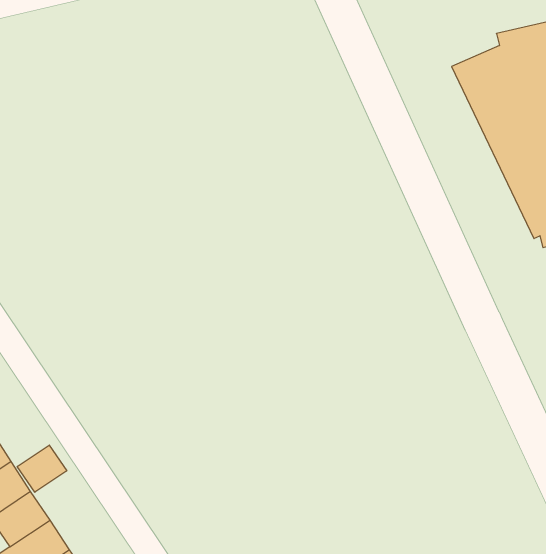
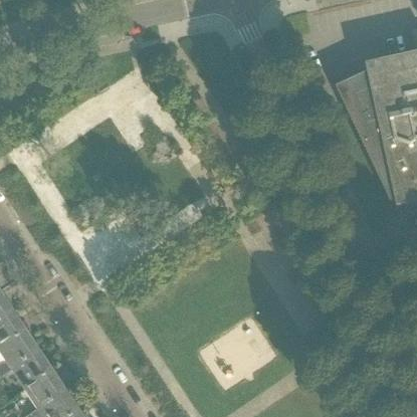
building: [17,445,67,492] -> none

